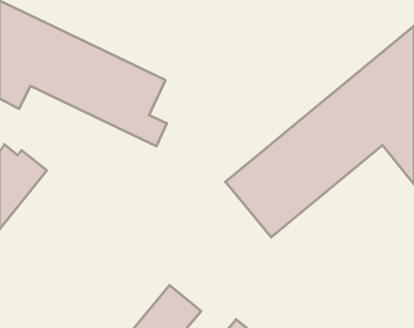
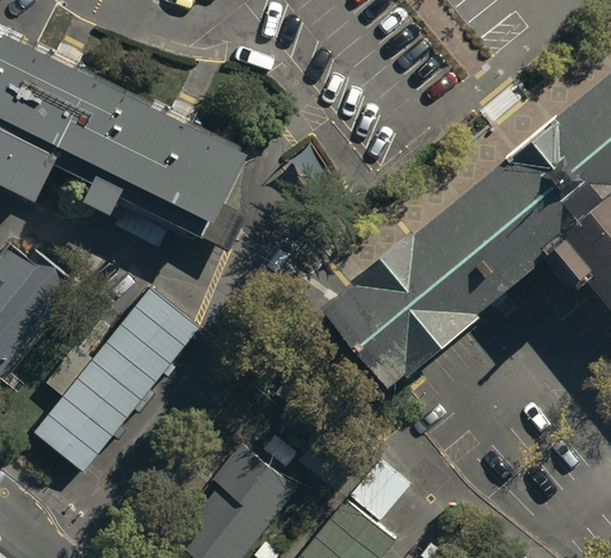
building: none -> [31,291,197,471]

